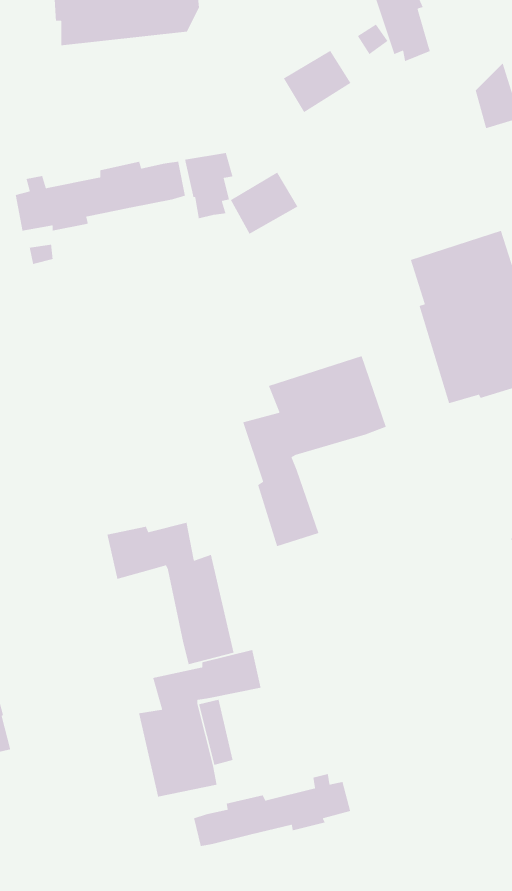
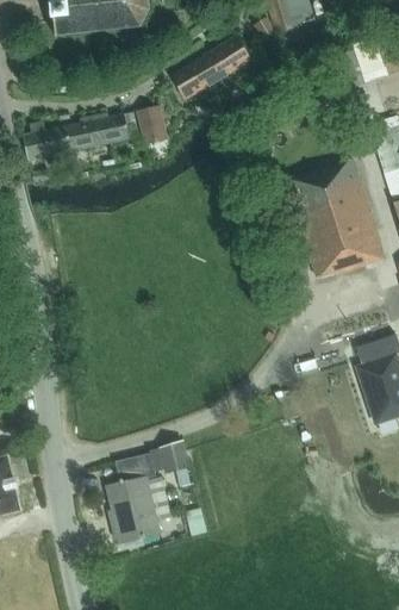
building: [230,171,299,235] -> [172,56,218,99]
building: [242,355,387,547] -> none
building: [107,522,234,665] -> none
building: [193,773,351,847] -> none

